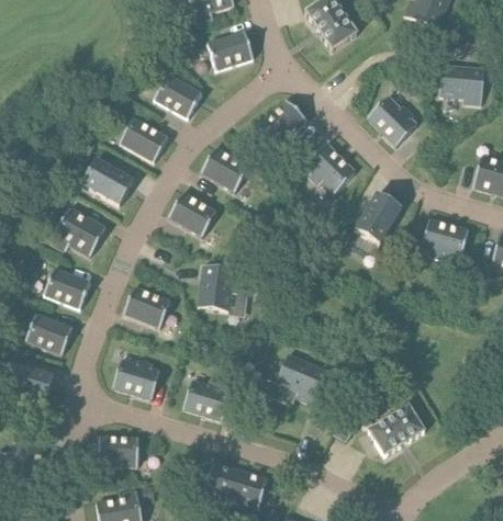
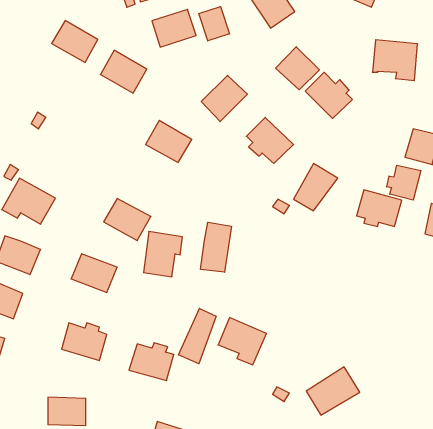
building: none -> [199,7,229,41]
building: none -> [276,47,319,90]
building: [120,117,168,161] -> [52,20,98,62]
building: [82,159,134,205] -> none
building: [168,192,217,236] -> [104,199,151,241]
building: none -> [387,165,421,200]
building: none -> [201,222,231,272]
building: none -> [178,308,216,364]

